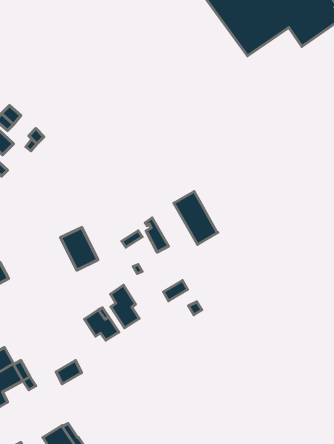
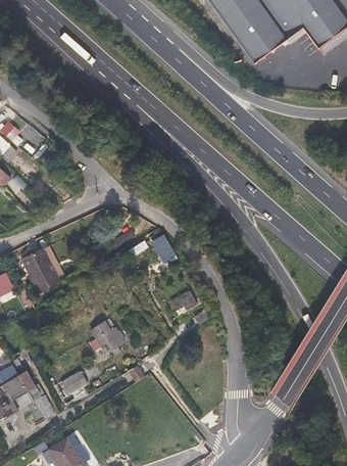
building: [174,191,218,244] -> none
building: [61,227,98,270] -> [21,248,59,291]
building: [110,285,139,328] -> none

